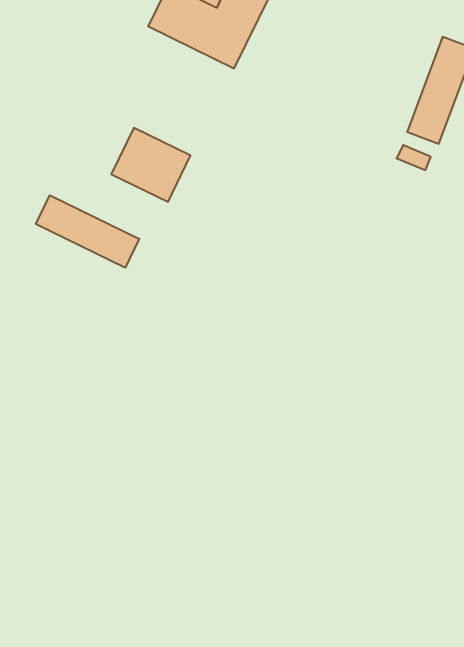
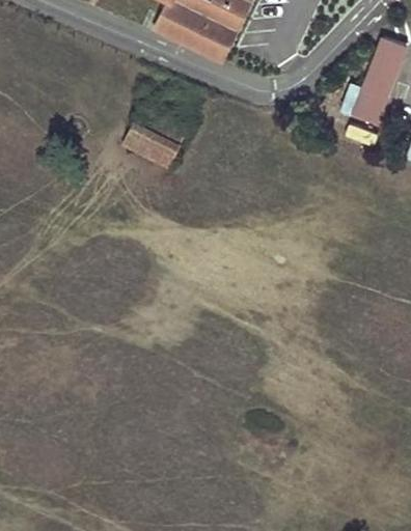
building: [36,195,139,268] -> none

